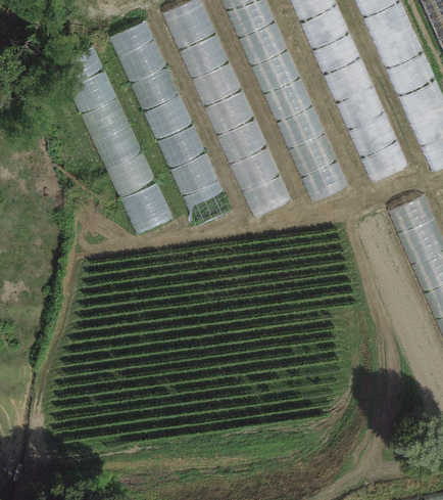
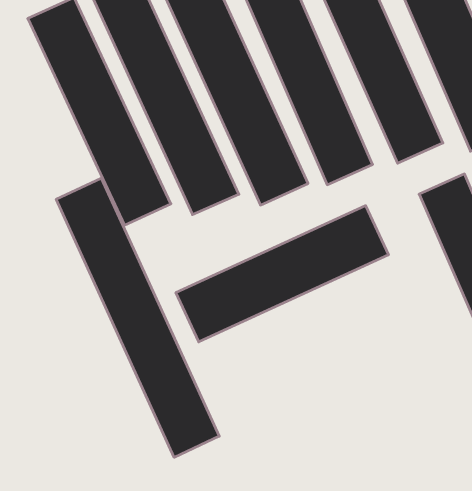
building: none -> [56,178,219,457]
building: none -> [176,206,388,342]

